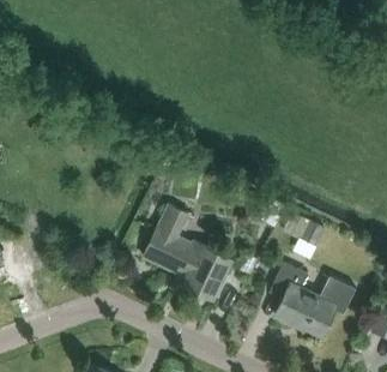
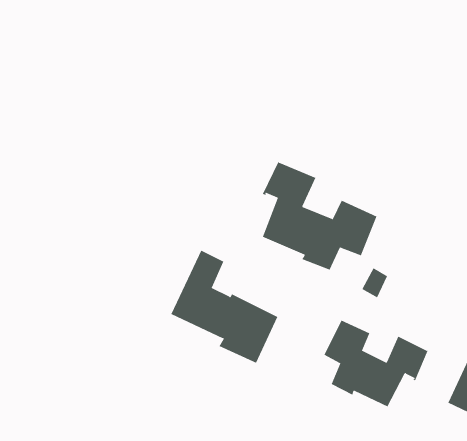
building: none -> [262,161,377,270]

